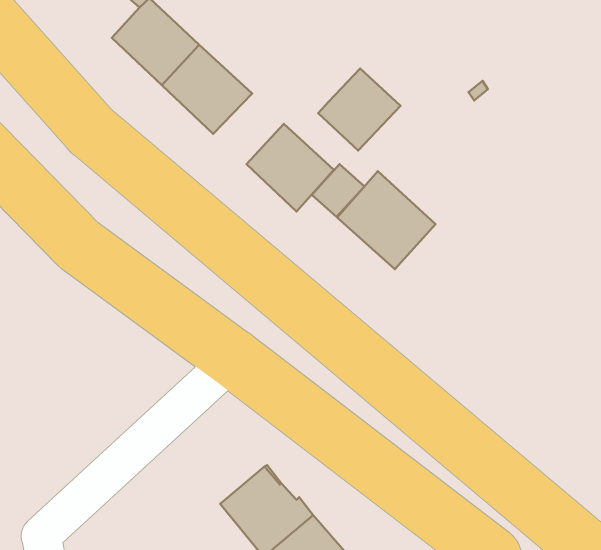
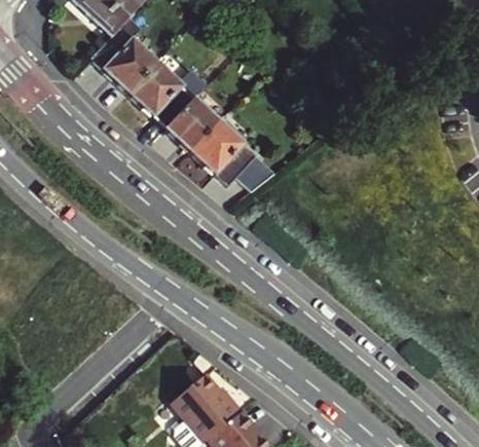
building: [318,69,400,151] -> none
building: none -> [167,99,219,151]
building: [337,171,435,269] -> none

